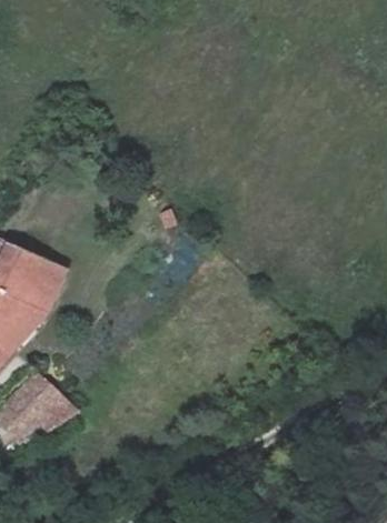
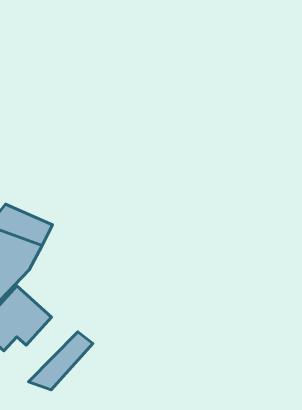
building: none -> [28,332,93,390]

